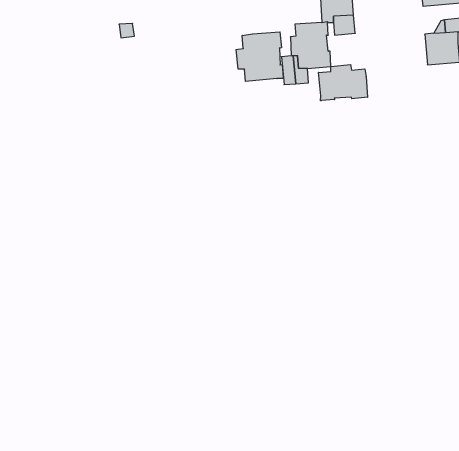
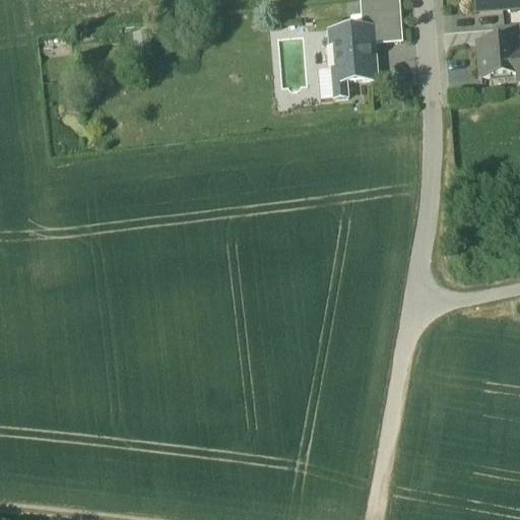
building: [236,32,283,81] -> none
building: [319,65,368,101] -> none

